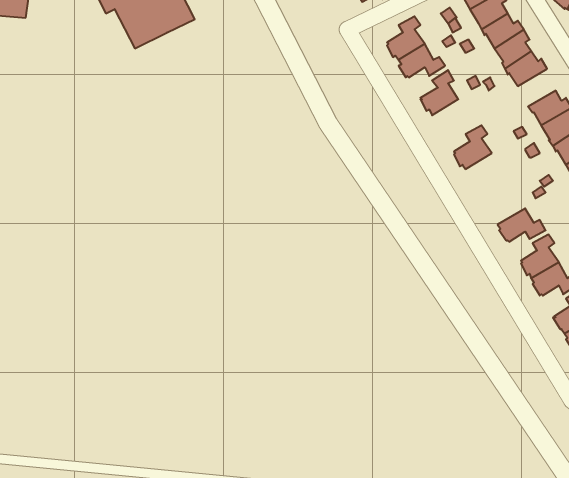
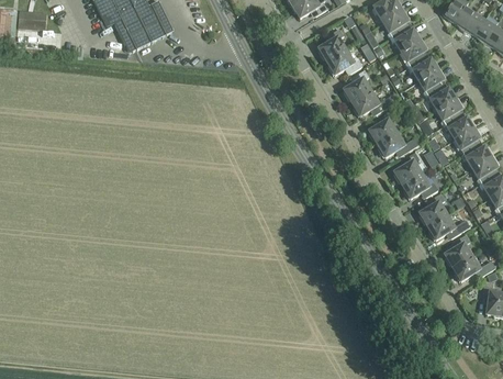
building: none -> [416,67,445,96]
building: none -> [351,90,393,115]
building: none -> [377,131,418,156]
building: none -> [393,151,424,185]

